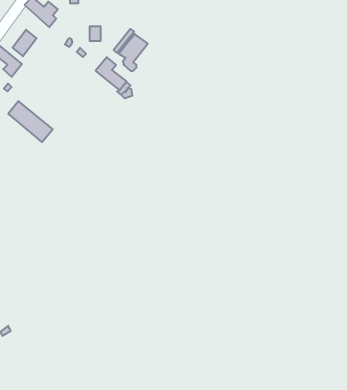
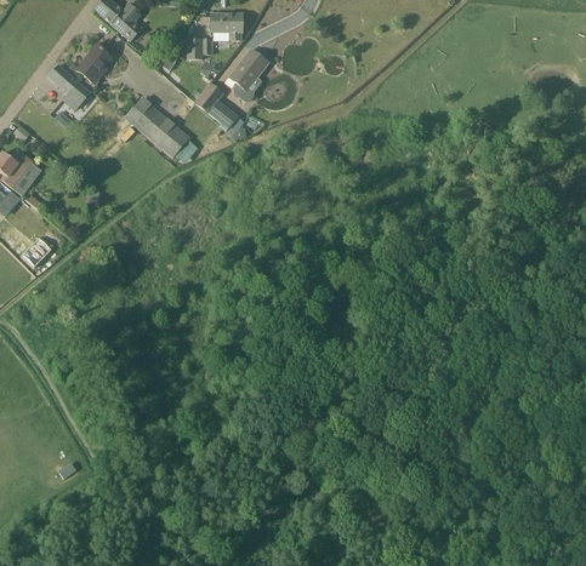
building: none -> [210,15,243,40]
building: [8,101,53,142] -> [127,97,190,155]

